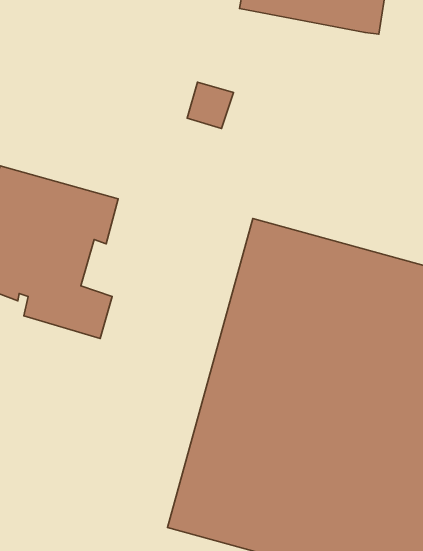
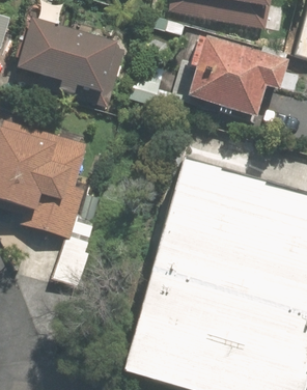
building: none -> [17,20,117,96]
building: none -> [176,41,286,118]

